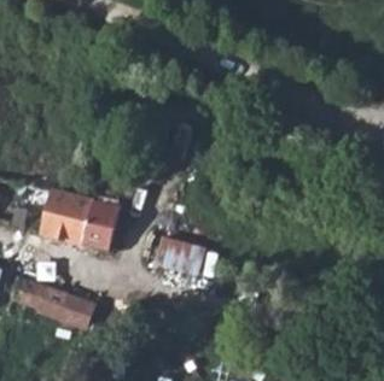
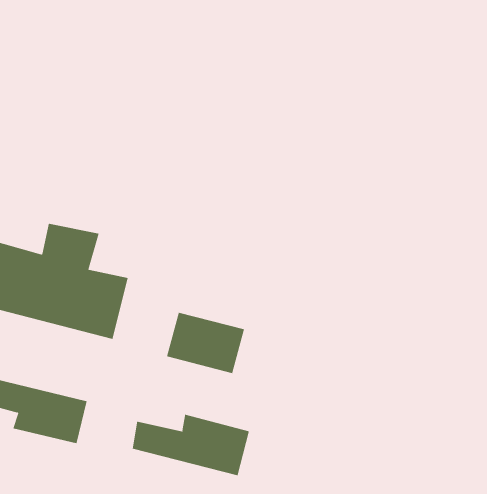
building: none -> [132,414,249,476]

